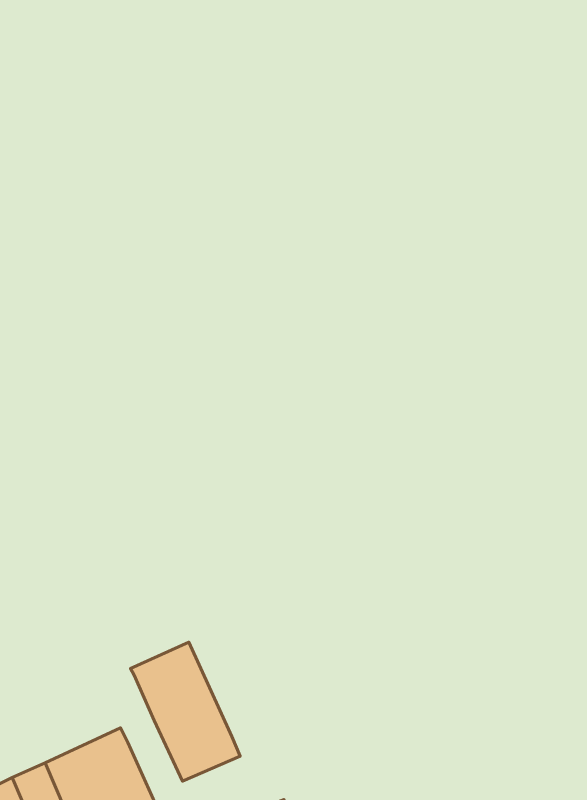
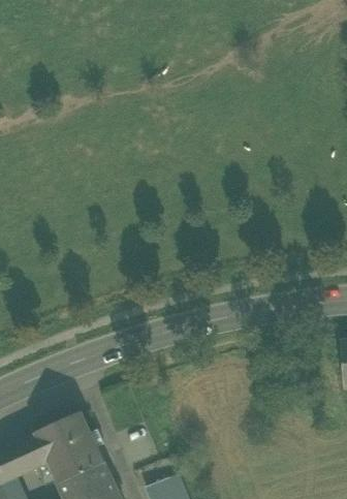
building: [131,642,240,781] -> none

